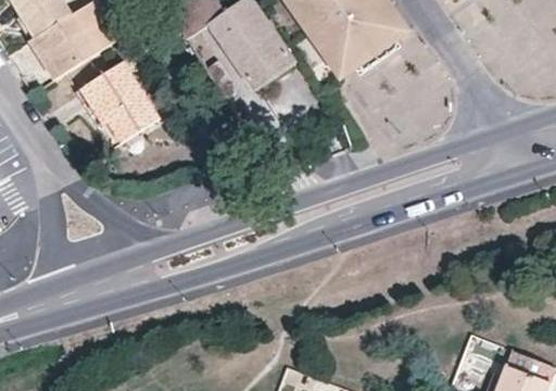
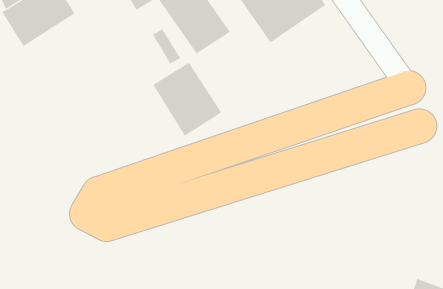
building: [78,62,157,142] -> none
building: none -> [152,62,222,137]

